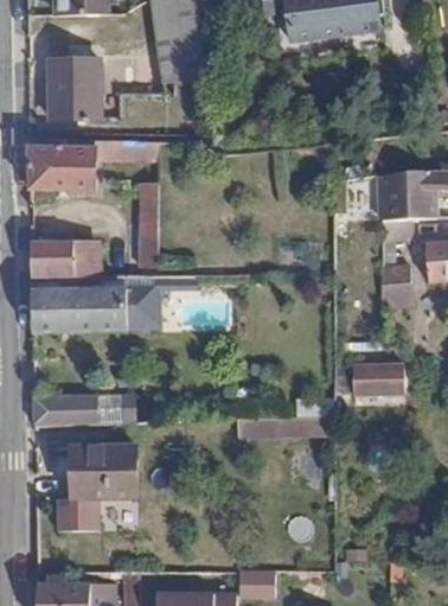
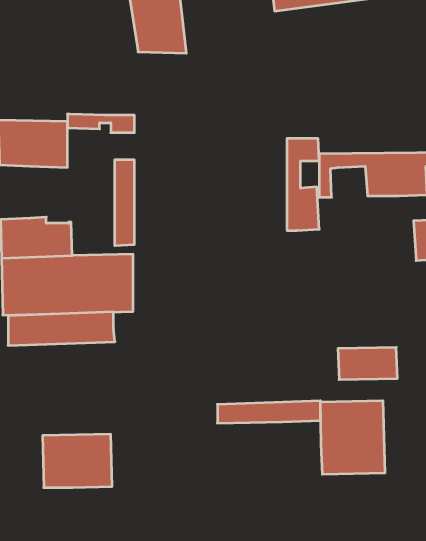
building: [47,59,100,120] -> none
building: [380,218,411,306] -> [287,139,319,230]
building: [34,393,136,425] -> [8,312,115,345]
building: none -> [320,401,385,474]
building: [57,497,98,530] -> none

